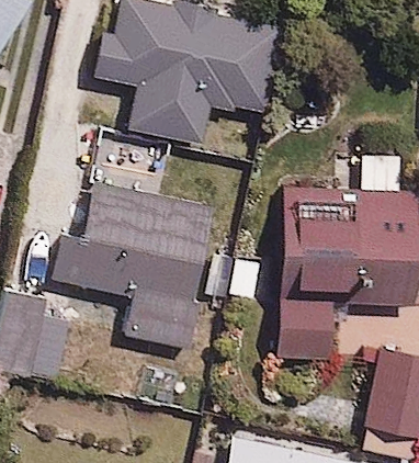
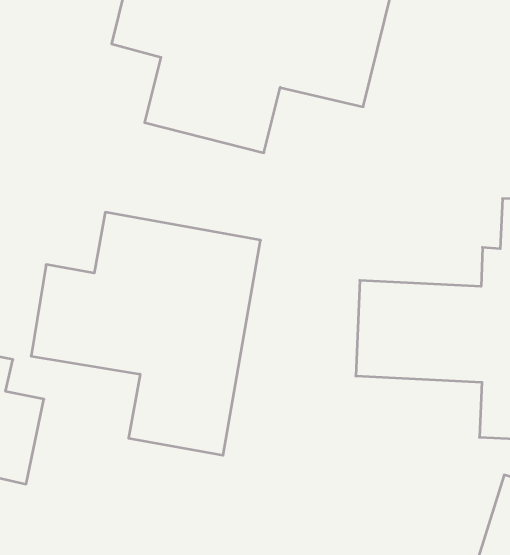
building: [270,301,341,357] -> none

